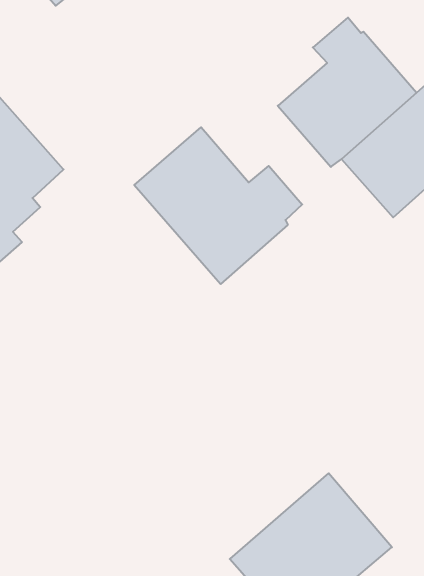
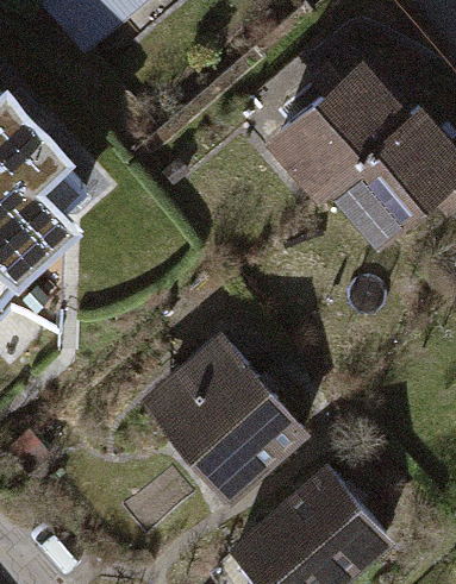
building: [134,127,302,284] -> none
building: none -> [154,340,301,500]

